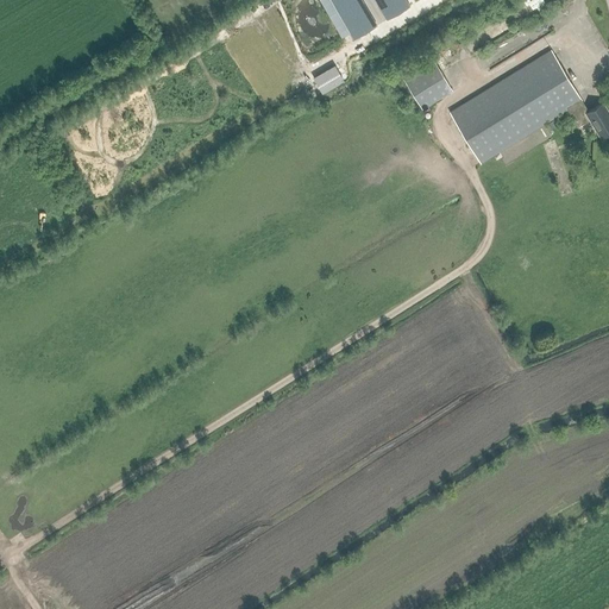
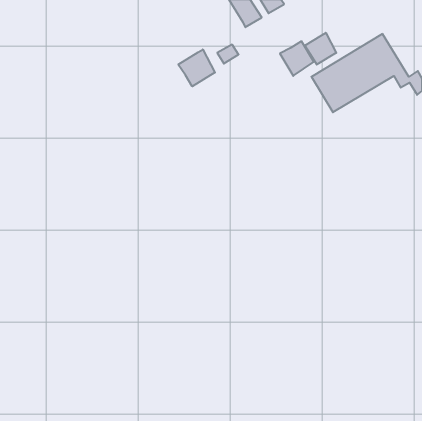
building: none -> [305,33,336,65]
building: none -> [178,49,215,86]

